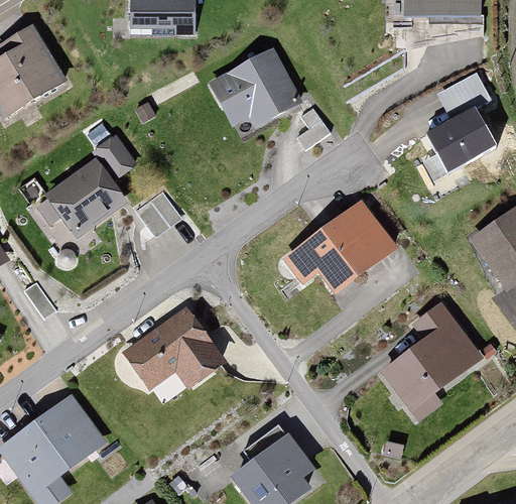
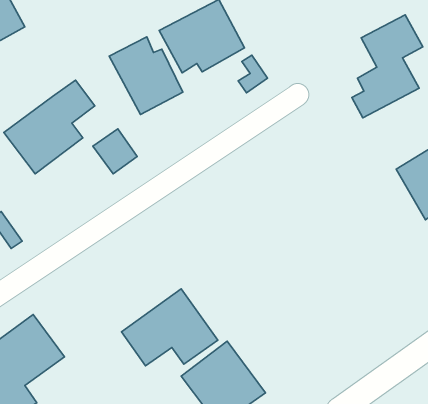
building: none -> [109,37,183,115]
building: [283,203,397,297] -> none
building: [382,304,484,423] -> none
building: [120,305,226,390] -> [121,289,218,366]

